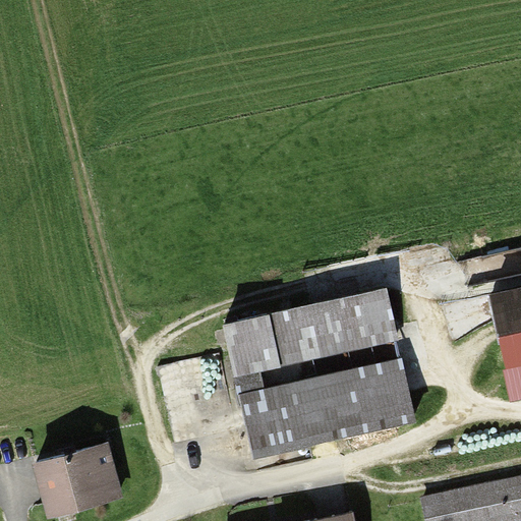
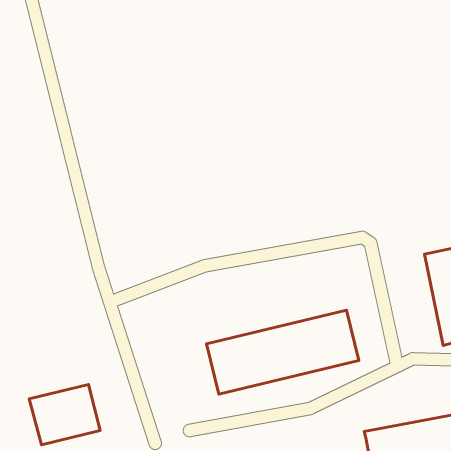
building: [223,288,396,375] -> none

